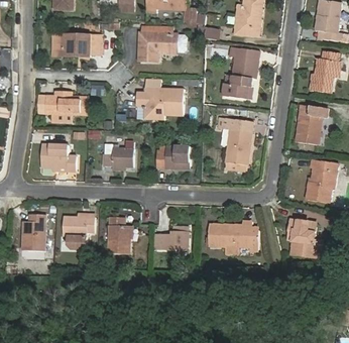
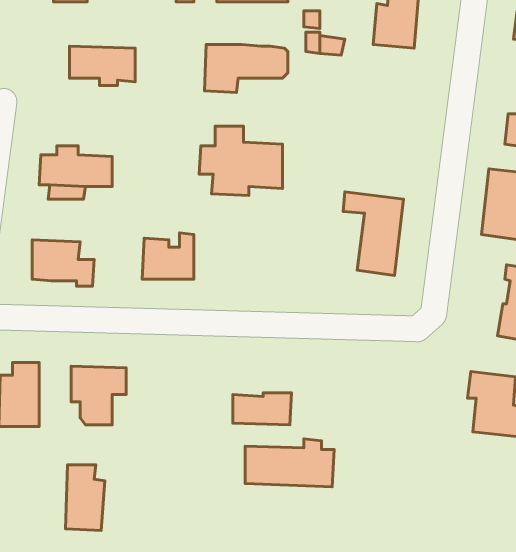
building: [223,46,259,98] -> none
building: [157,145,191,168] -> none
building: [109,217,131,254] -> [66,465,105,531]
building: [209,220,259,247] -> [245,439,334,487]

